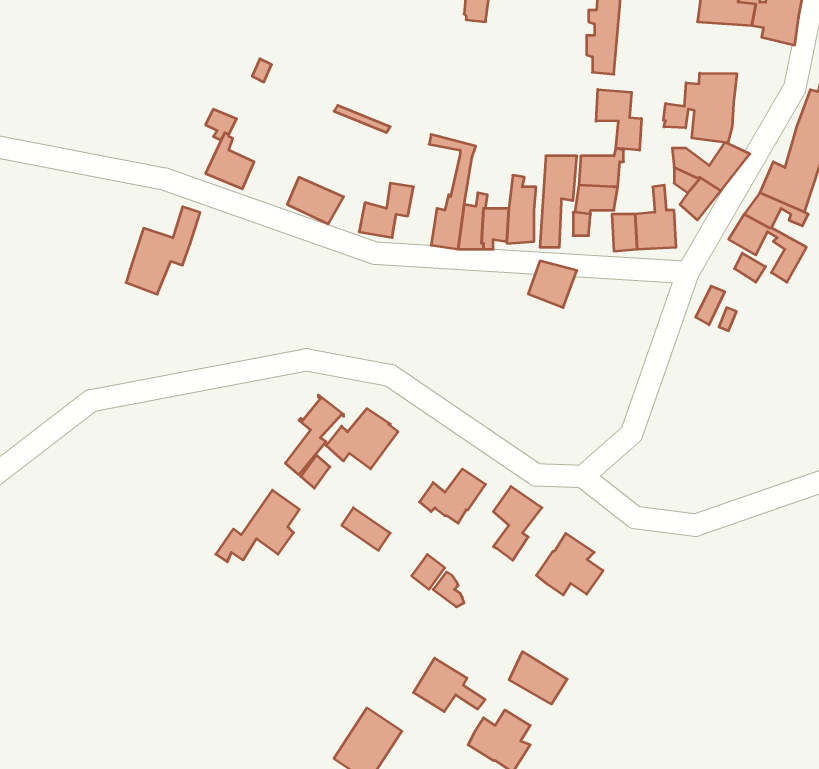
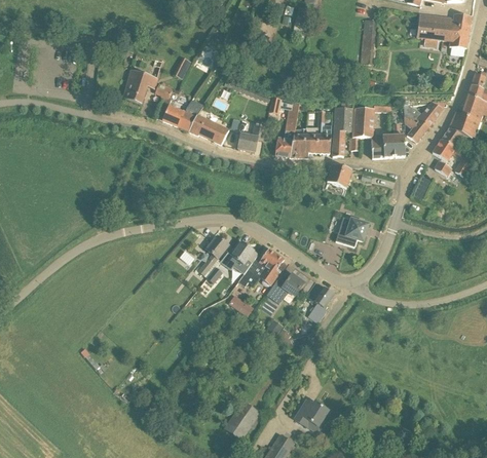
building: [663,73,737,143] -> none
building: [596,89,641,150] -> none
building: none -> [176,99,205,135]
building: [126,207,200,294] -> [124,58,163,104]
building: none -> [335,218,368,246]
building: [216,490,299,562] -> [239,247,284,285]
building: [536,533,603,595] -> none
building: [509,652,567,704] -> none
building: [413,658,485,712] -> none

